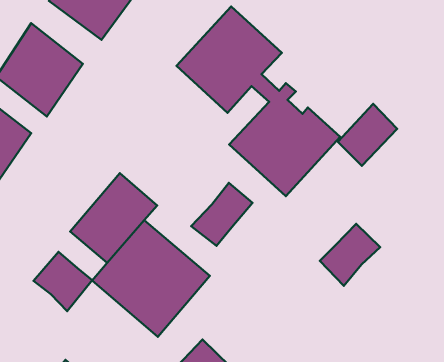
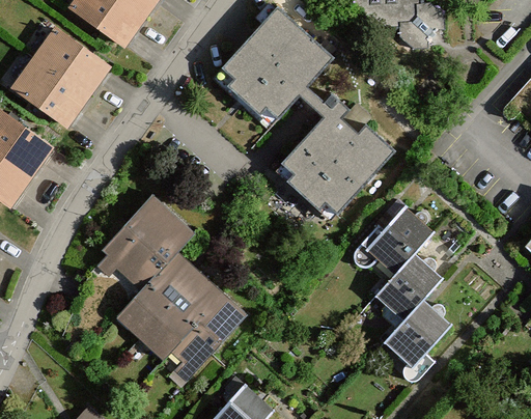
building: [338,104,397,166] -> [364,206,430,276]
building: [191,183,252,246] -> none
building: [34,252,92,311] -> none
building: none -> [383,298,447,367]

